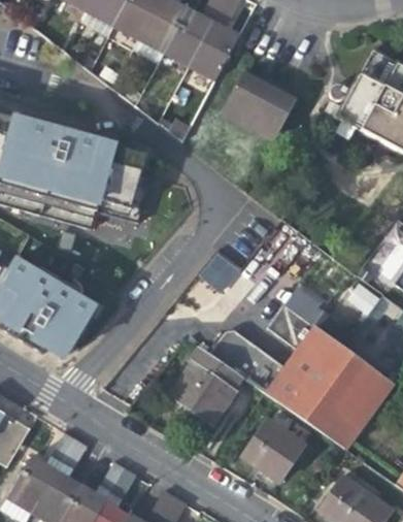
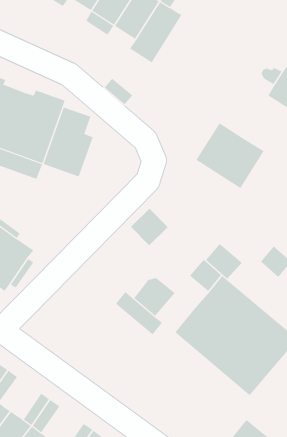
building: [220,70,295,141] -> [196,123,264,189]
building: [234,341,276,385] -> none
building: [169,361,235,424] -> none
building: [242,417,304,480] -> none

